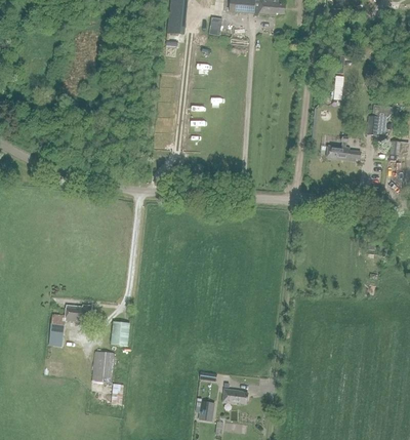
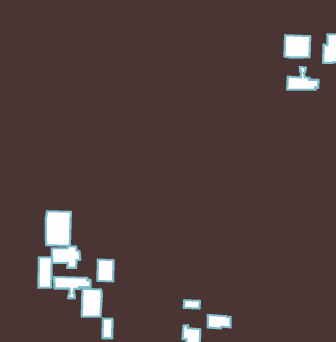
building: none -> [284,35,310,57]
building: none -> [46,211,71,246]
building: none -> [54,277,91,298]

